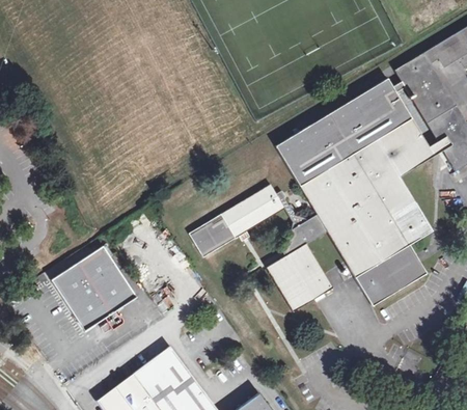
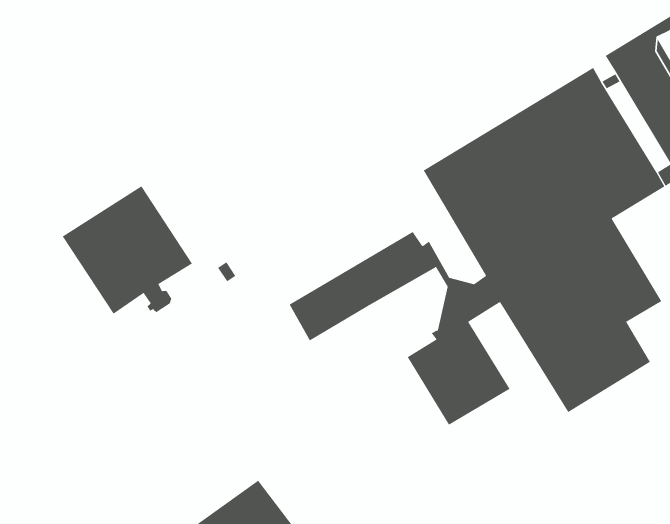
building: [52,246,137,330] -> [62,185,193,315]

